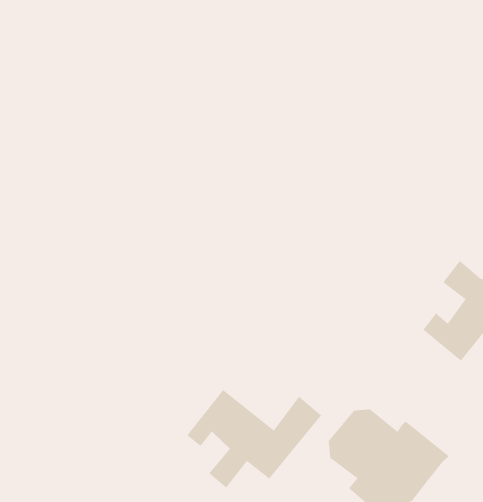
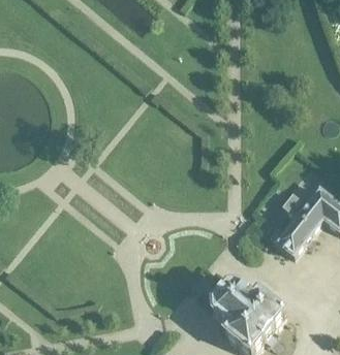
building: [187,389,322,488] -> none

